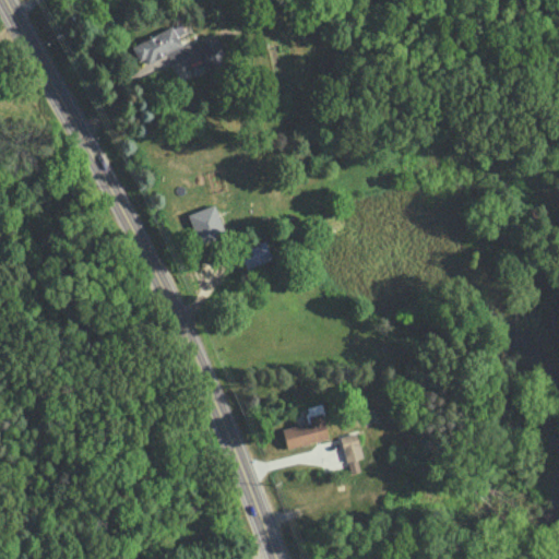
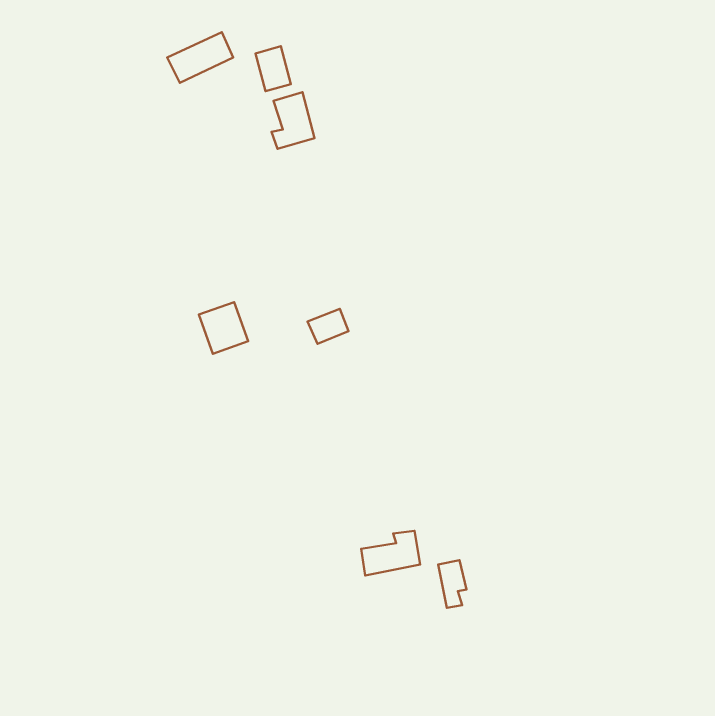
building: none -> [272,92,314,149]
building: [189,204,227,245] -> [199,302,248,354]

